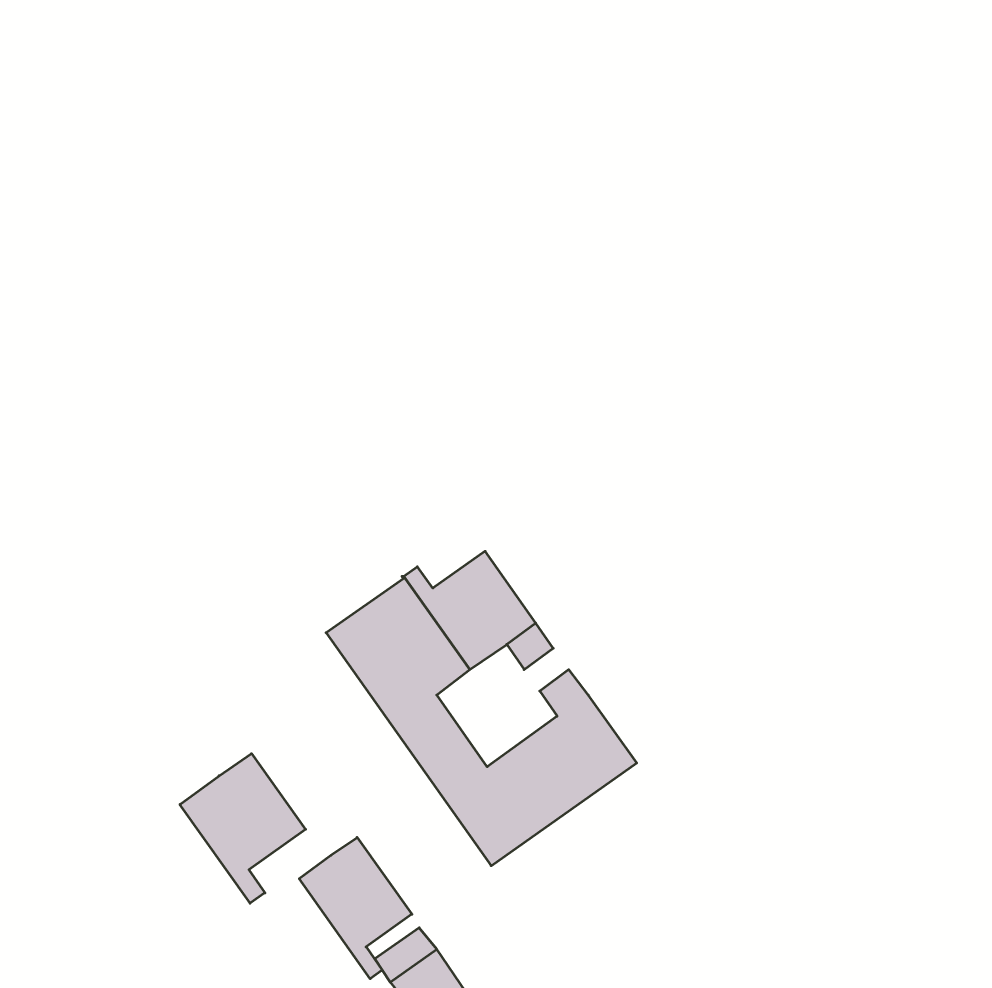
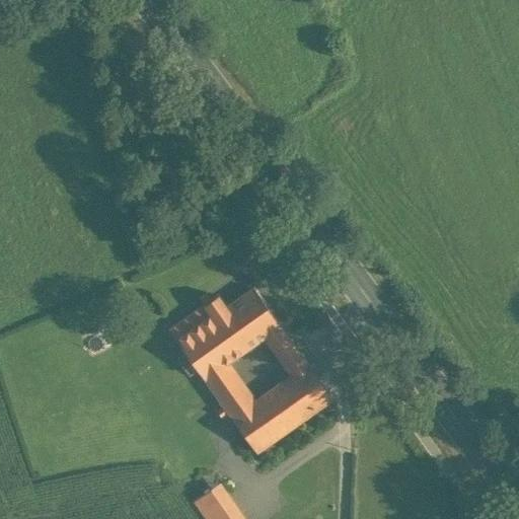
building: [180,754,306,903] -> none
building: [299,837,412,979] -> none

